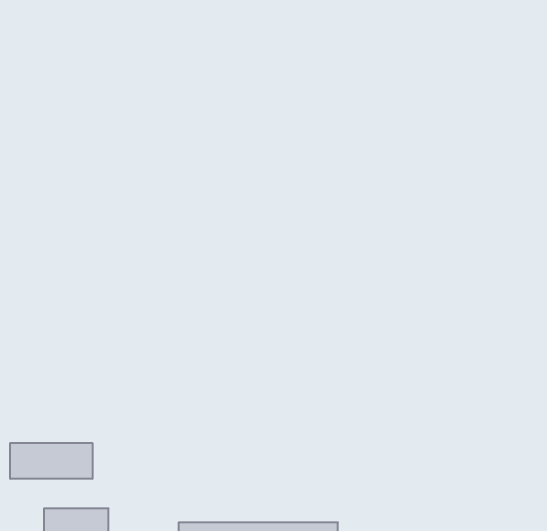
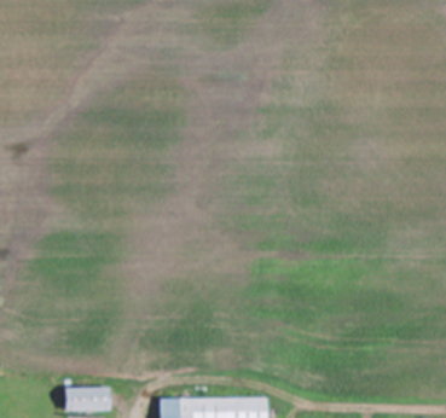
building: [10,443,92,479] -> none

